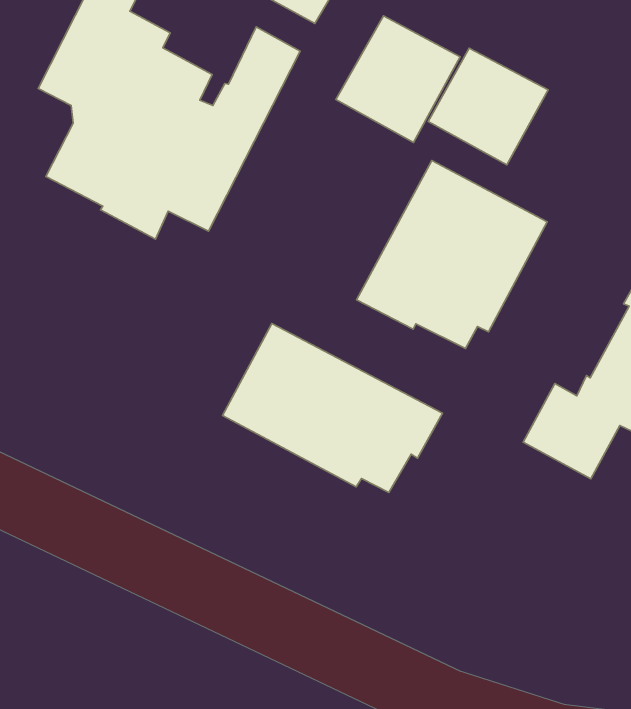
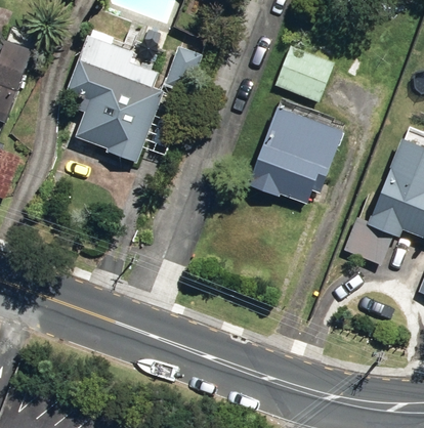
building: [336,16,460,142] -> none
building: [222,323,442,493] -> none

